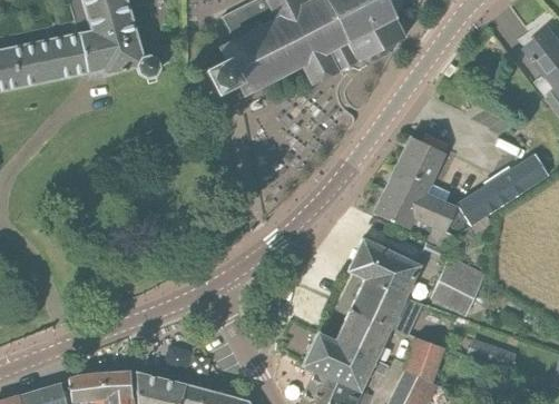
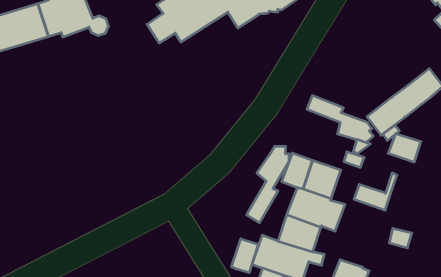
building: [392,137,443,190] -> none
building: [373,188,422,227] -> none
building: none -> [247,146,289,223]
building: [438,260,478,296] -> [388,134,421,162]
building: none -> [232,239,258,273]
building: [403,338,444,381] -> none

